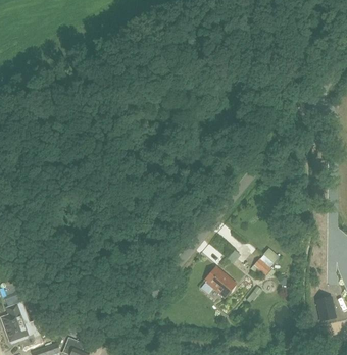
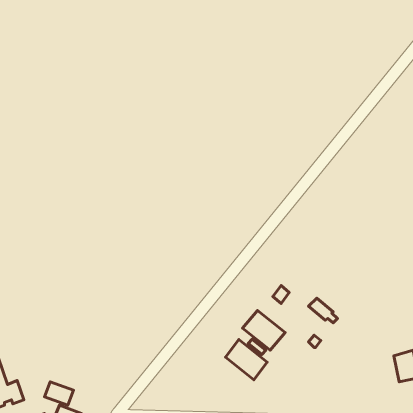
building: none -> [226,339,267,380]

